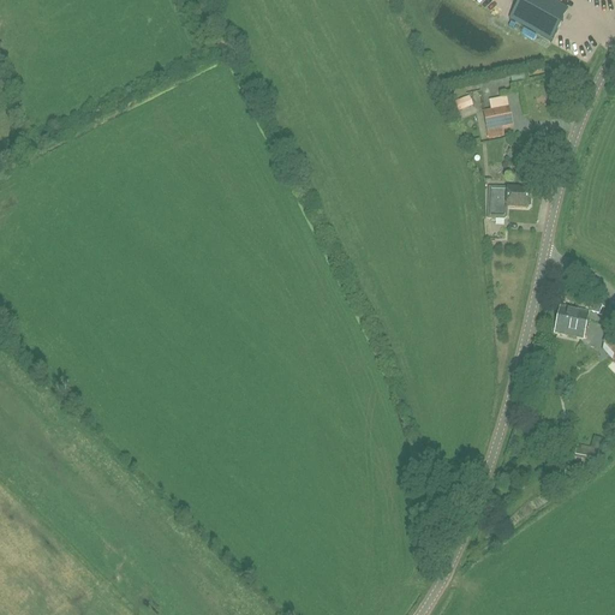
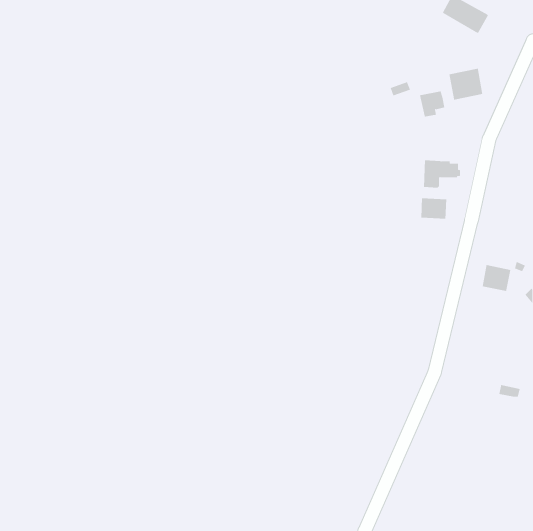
building: none -> [449,68,483,100]
building: none -> [421,198,447,220]

